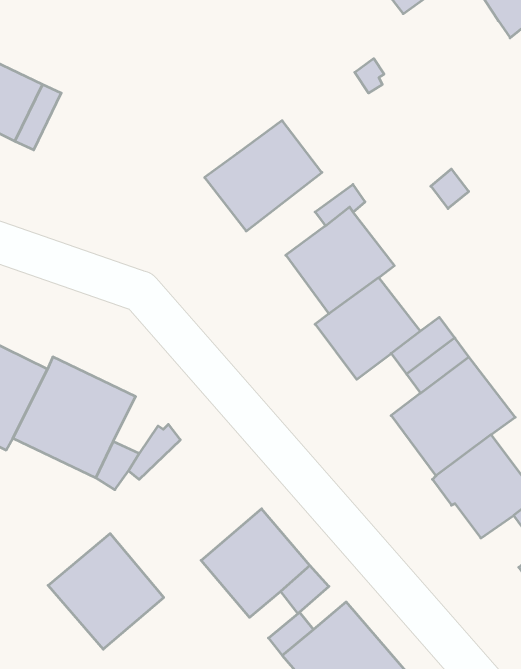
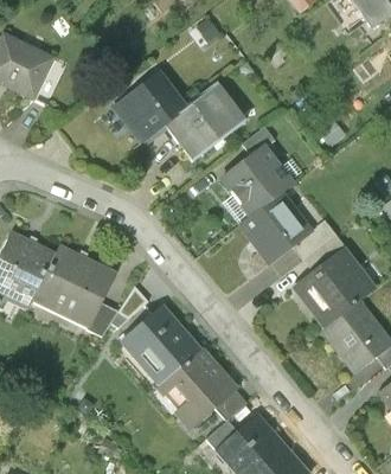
building: none -> [114,71,185,140]
building: [48,534,164,649] -> [122,307,201,386]

